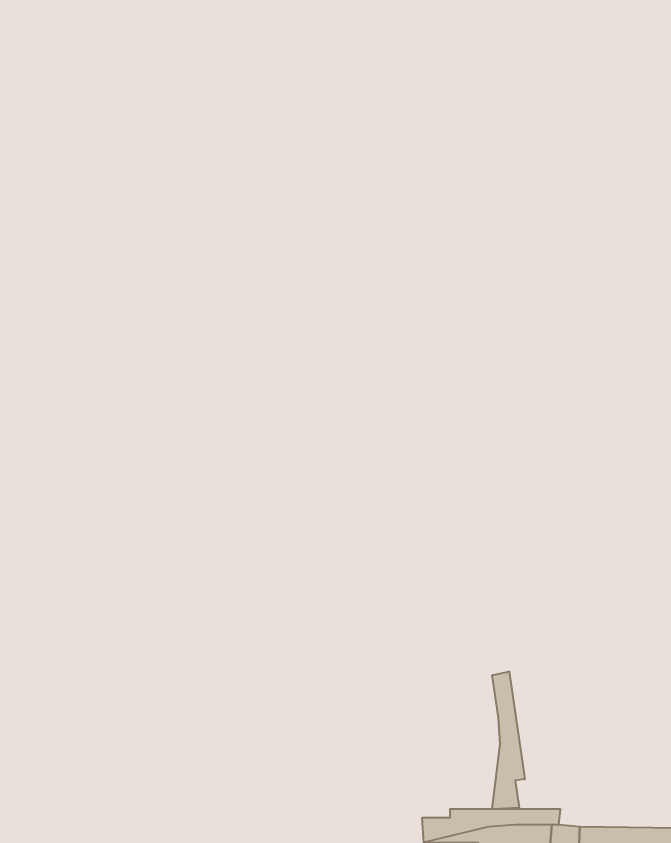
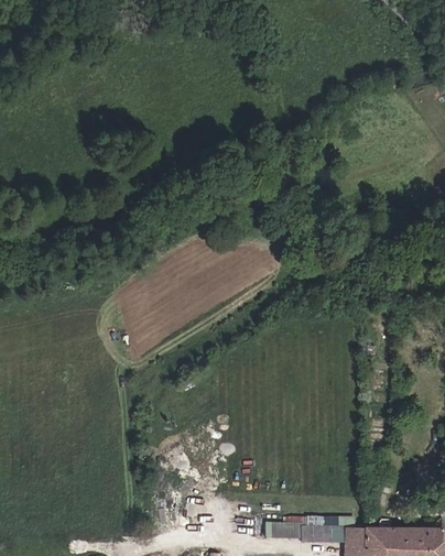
building: [492,671,525,809] -> none

